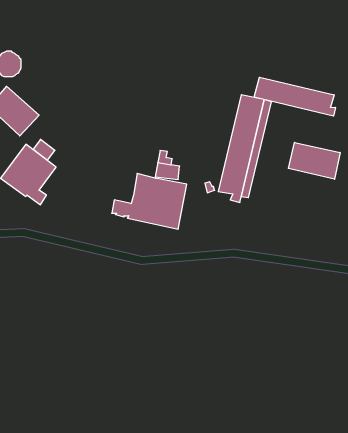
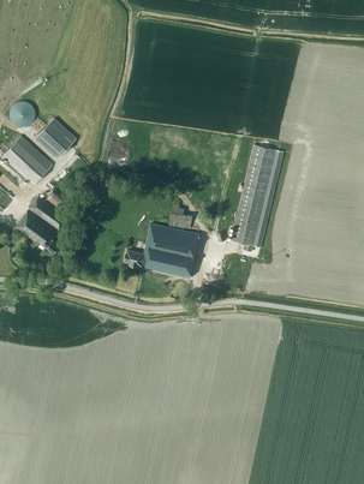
building: none -> [36,118,76,157]
building: [254,77,335,116] -> none
building: [288,142,340,179] -> none

